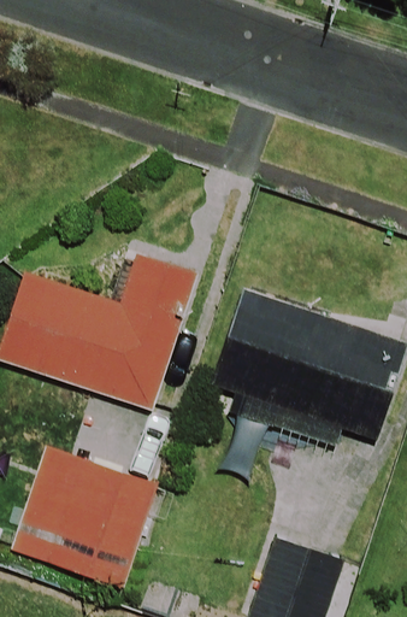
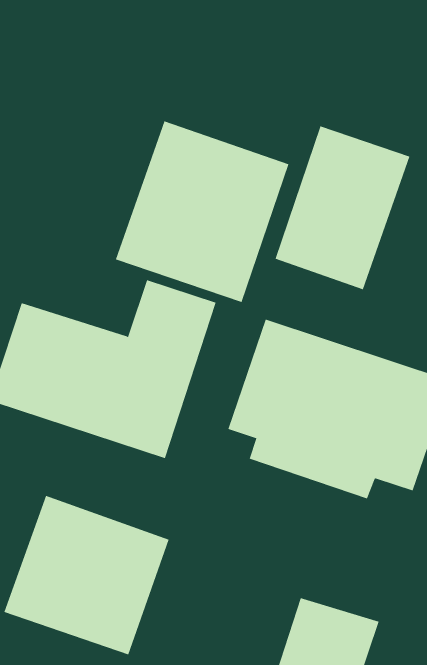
building: none -> [115,120,289,303]
building: none -> [275,125,410,290]

